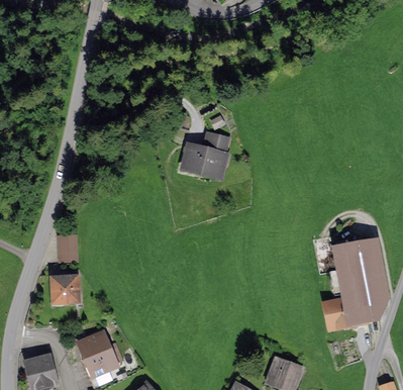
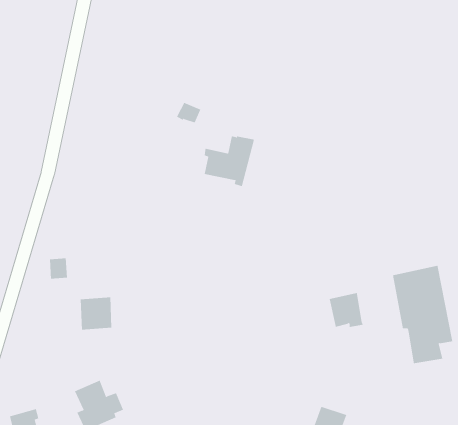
building: [52,275,78,302] -> [80,297,112,330]
building: [328,296,357,324] -> [329,293,364,327]

